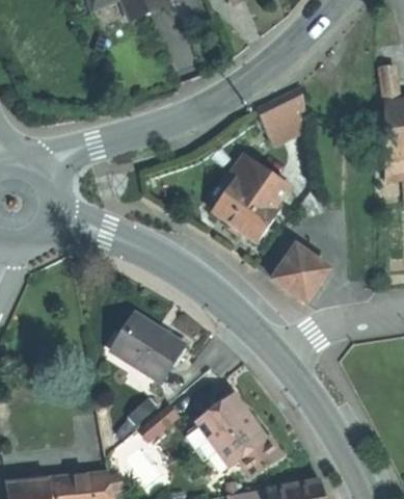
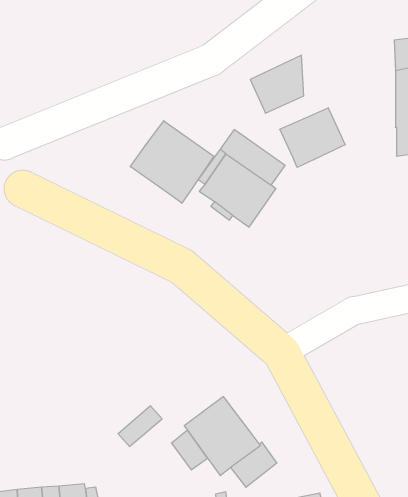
building: none -> [280,108,345,167]
building: none -> [130,121,214,203]
building: [270,243,328,301] -> none
building: [111,315,181,382] -> none

